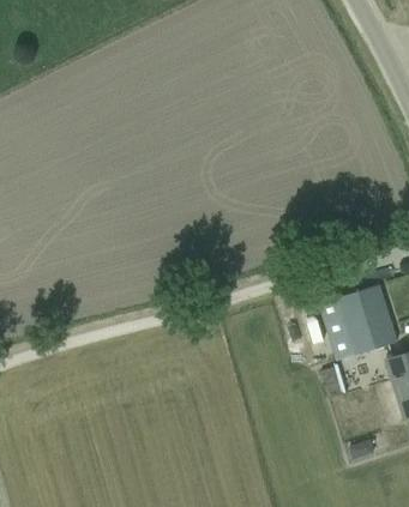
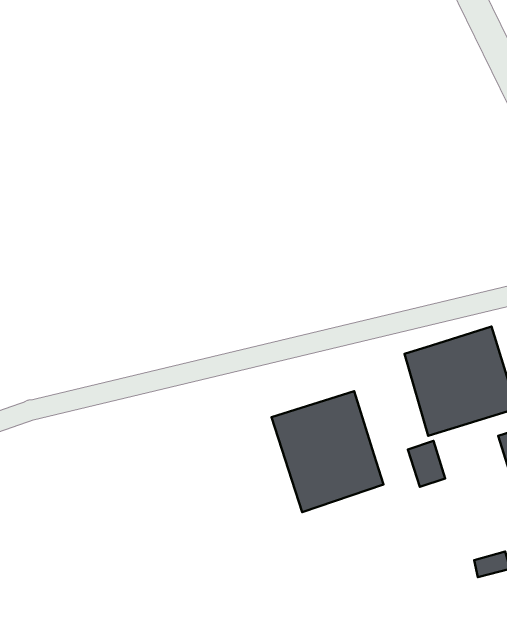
building: none -> [272,391,384,512]

